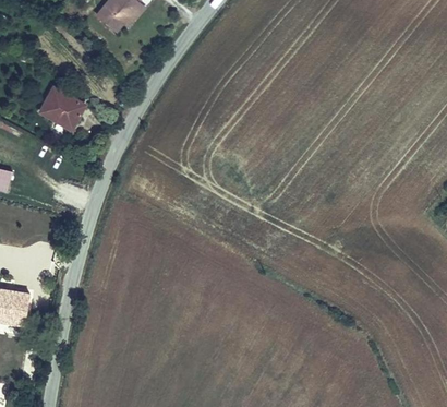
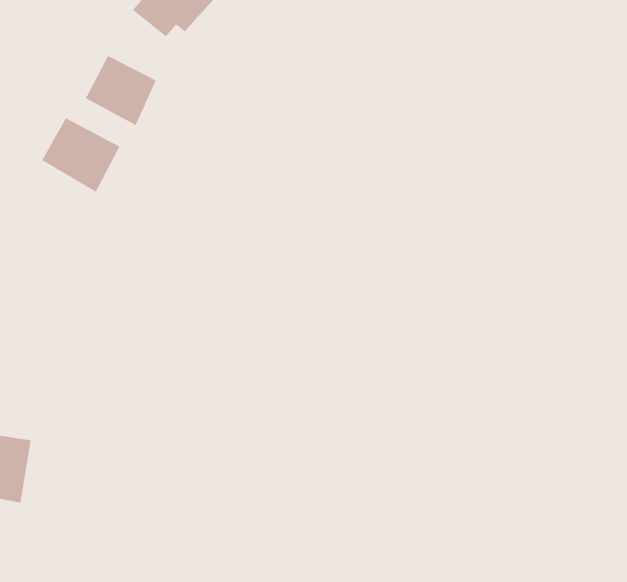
building: none -> [85,55,156,126]

